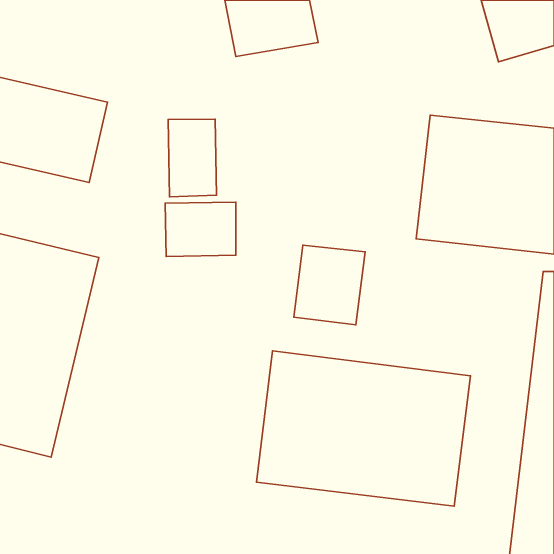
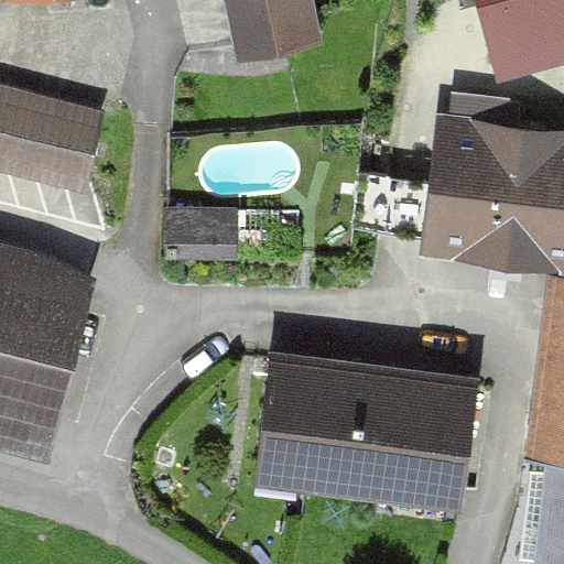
building: [168,119,216,197] -> none
building: [294,245,365,325] -> none

